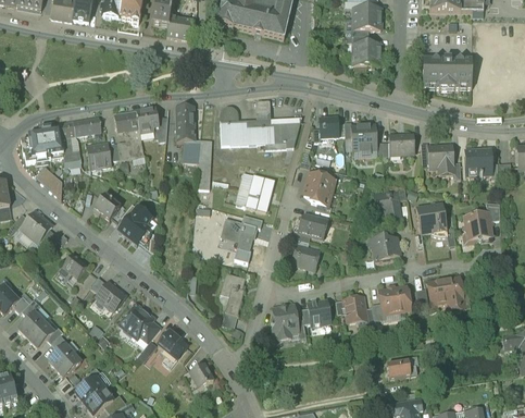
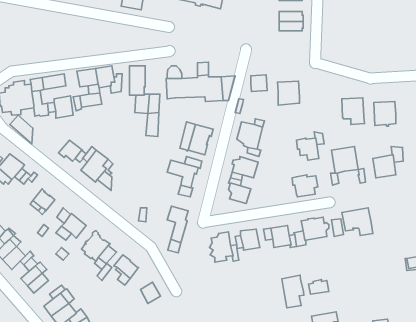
building: [422,56,472,87] -> none
building: [389,134,414,153] -> none
building: none -> [282,275,304,308]

